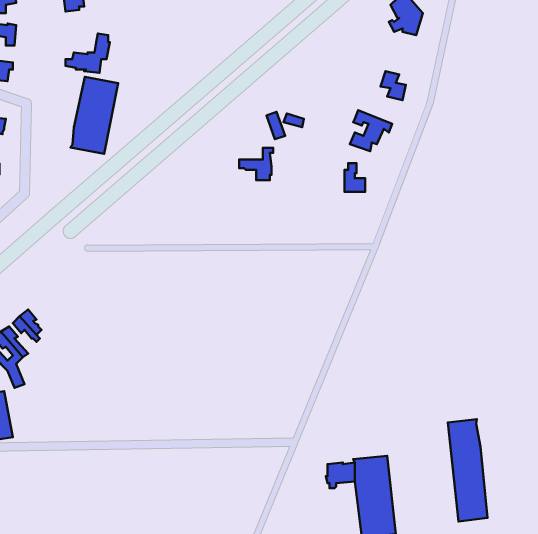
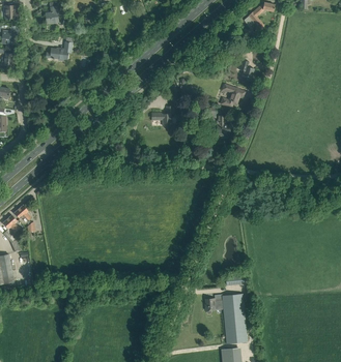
building: [71,77,118,154] -> none
building: [448,419,488,521] -> none

